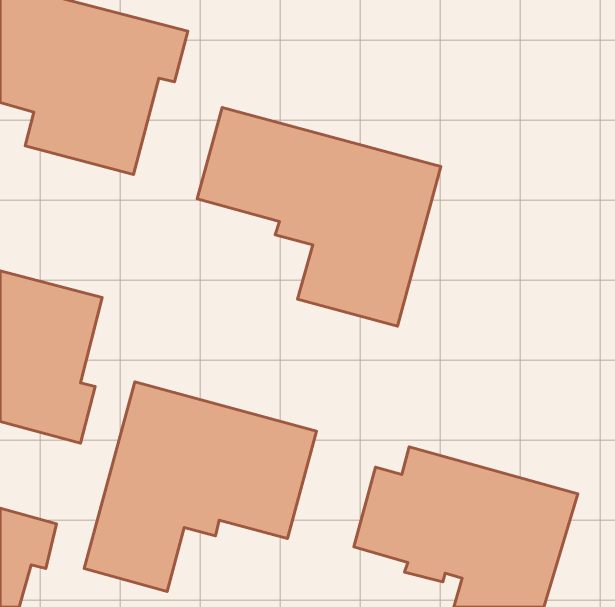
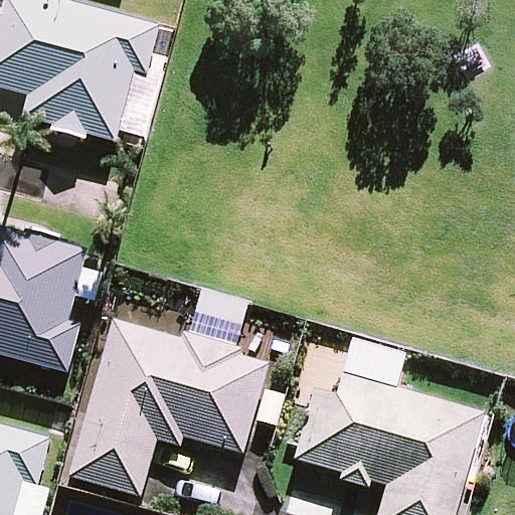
building: [197,107,441,326] -> none

